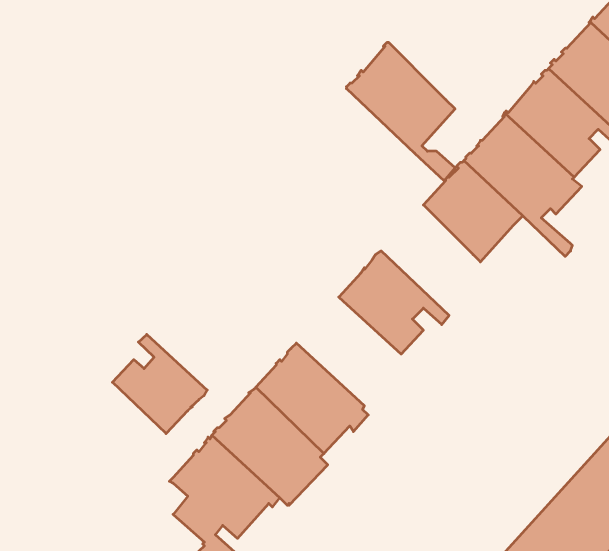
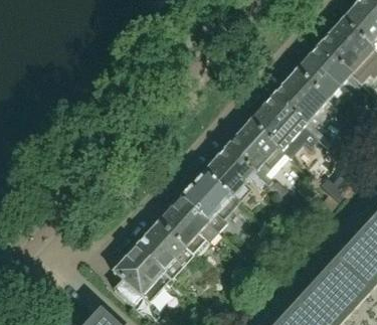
building: [346,43,455,181] -> [229,116,289,191]
building: none -> [183,166,240,225]
building: [112,334,207,434] -> none

